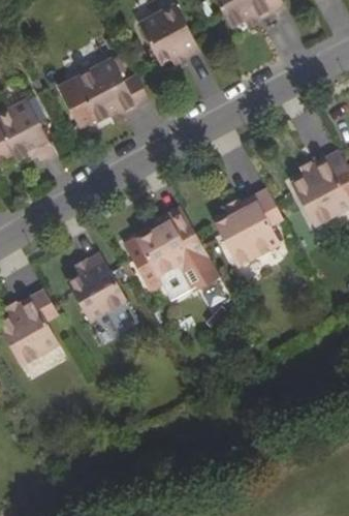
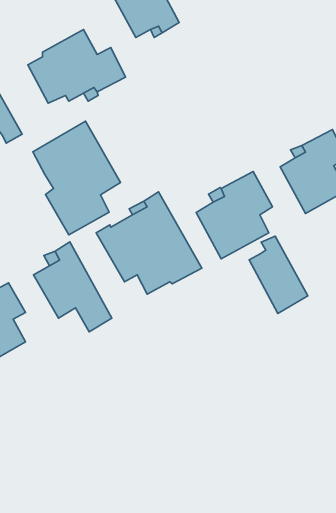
building: none -> [33,121,120,235]
building: none -> [249,236,308,313]

